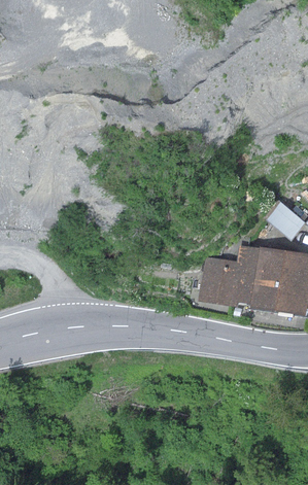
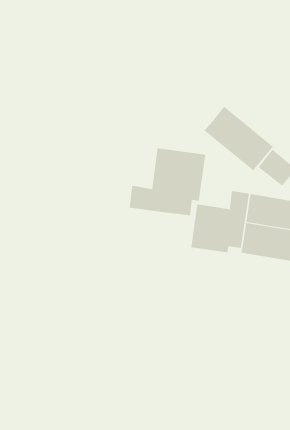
building: none -> [204,106,274,171]
building: none -> [129,147,206,216]

